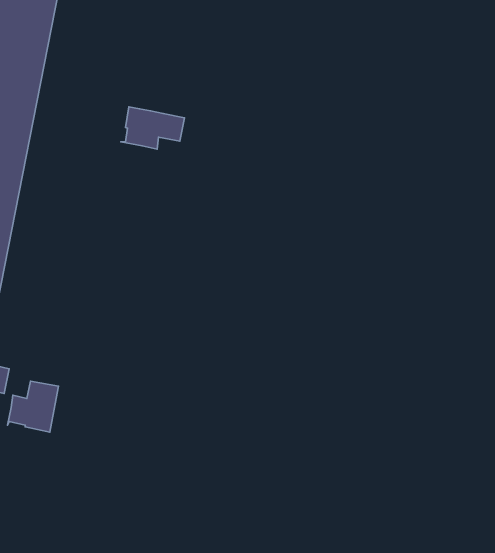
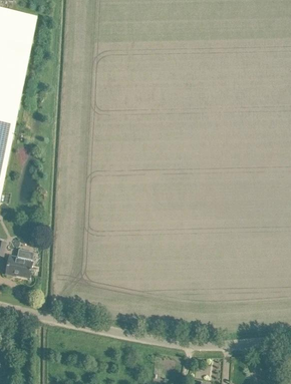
building: [121,107,185,149] -> none

